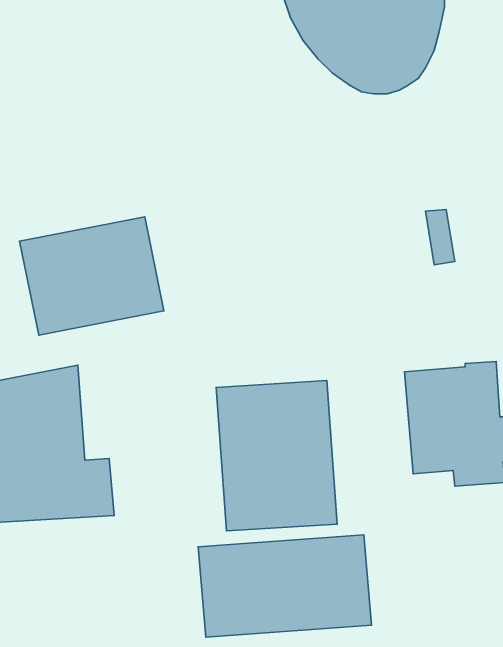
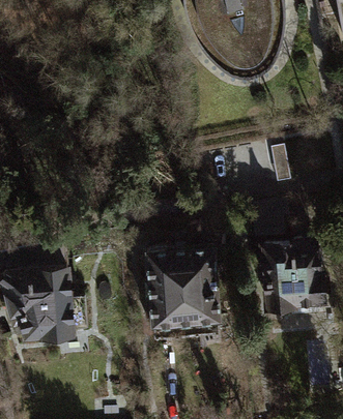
building: [20,217,164,335] -> none
building: [198,535,372,637] -> none

